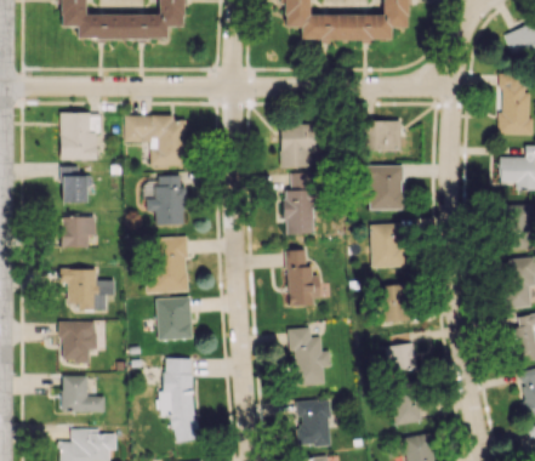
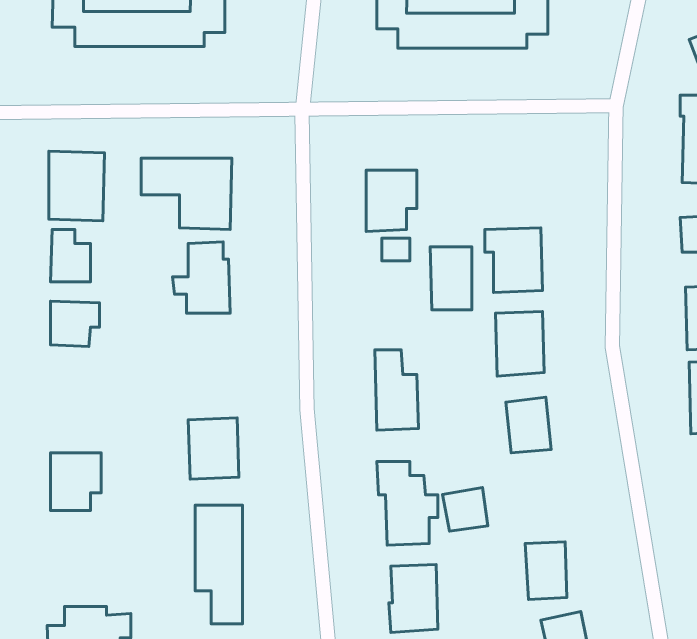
building: [364,120,402,150] -> none
building: [285,190,314,234] -> [430,247,472,310]
building: [149,237,188,292] -> none
building: [61,268,116,309] -> none
building: [386,342,417,372] -> [442,488,488,531]
building: [62,375,106,412] -> none

